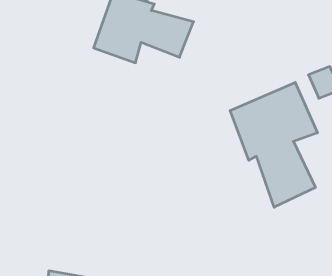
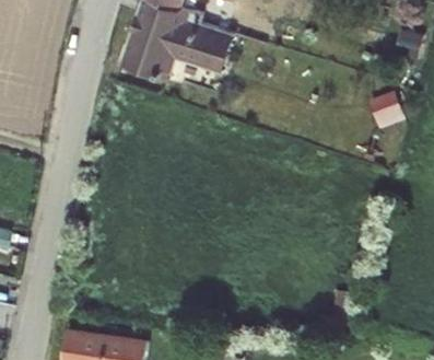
building: [230,82,317,207] -> none

